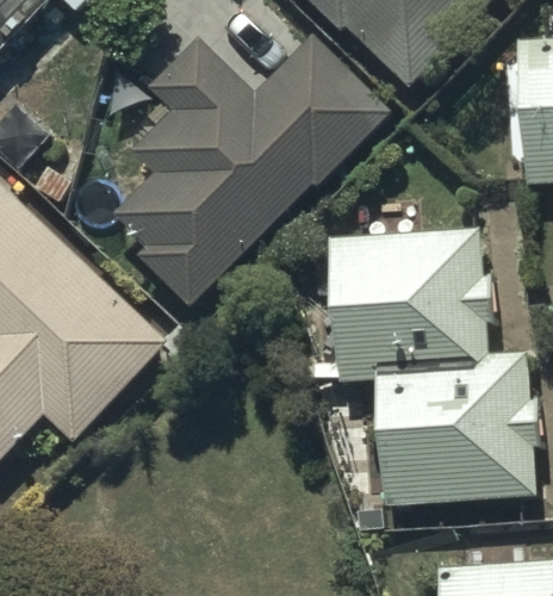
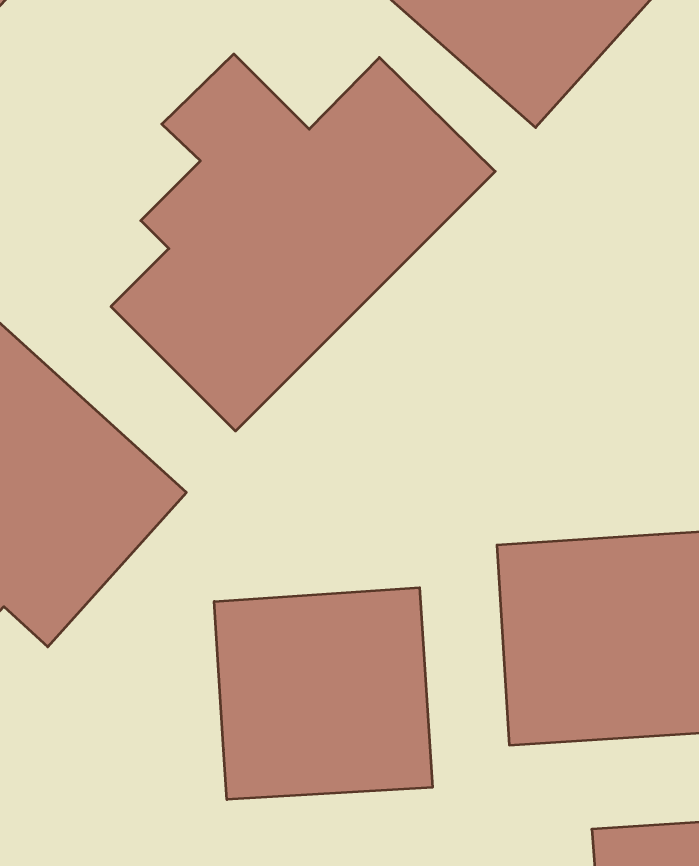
building: [333,230,486,373] -> none
building: none -> [214,588,432,800]

